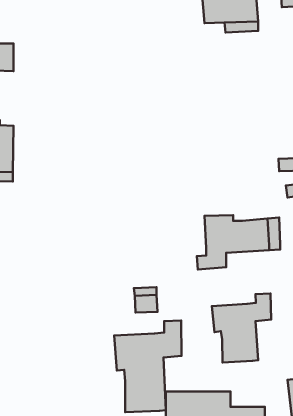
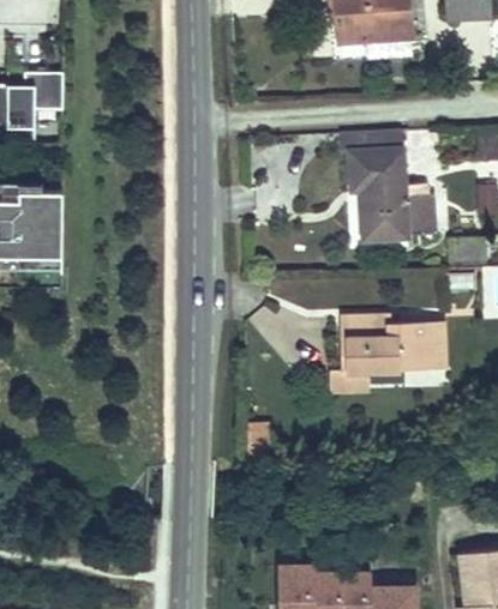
building: none -> [340,133,427,236]
building: [212,293,271,363] -> none
building: [114,321,182,412] -> none

